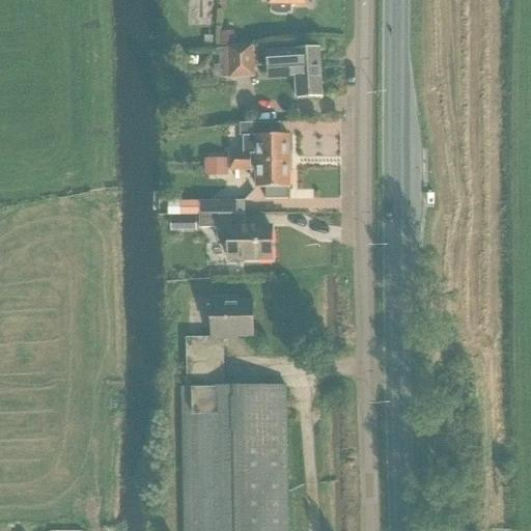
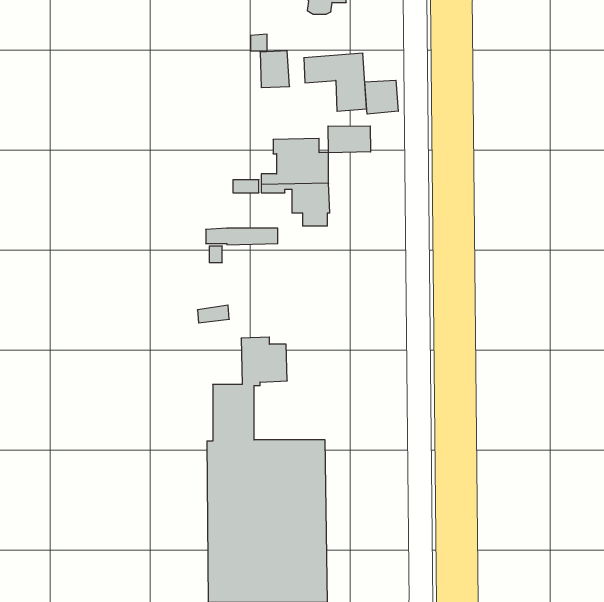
building: none -> [365,80,398,114]
building: none -> [328,126,371,153]
building: [199,214,271,259] -> none

